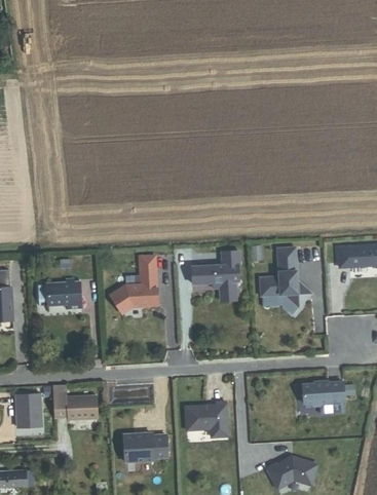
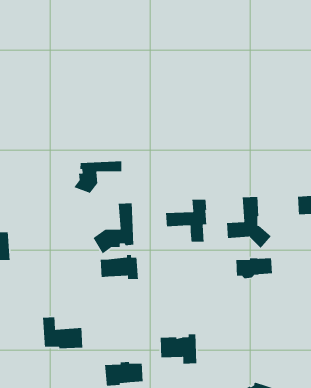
building: none -> [73,161,122,194]
building: [39,279,83,308] -> [100,254,139,280]
building: [302,382,344,407] -> [235,257,273,279]
building: [13,392,41,427] -> none

